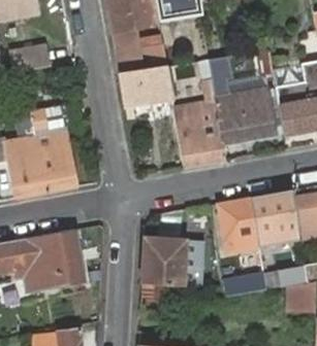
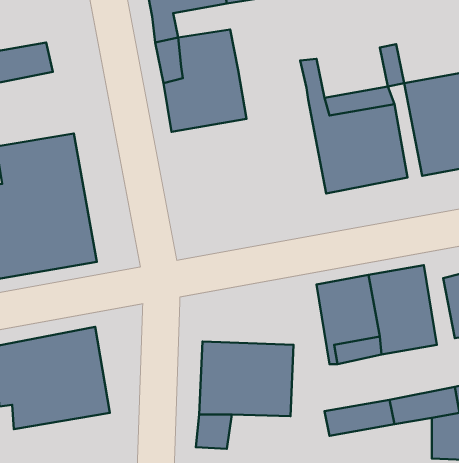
building: [173,76,226,167] -> none

